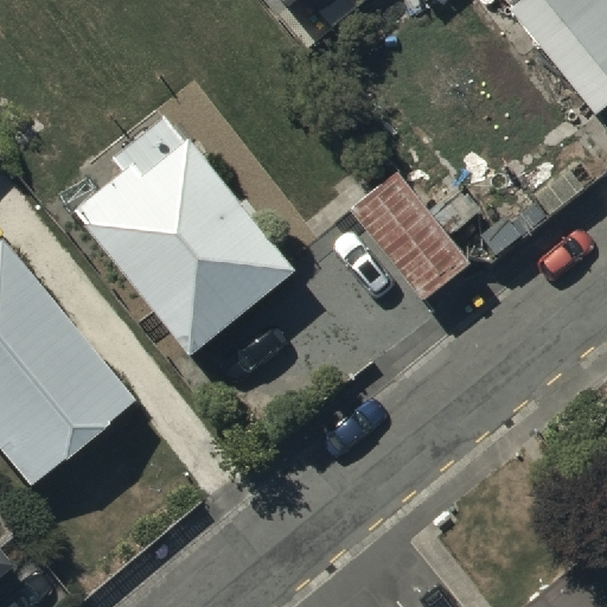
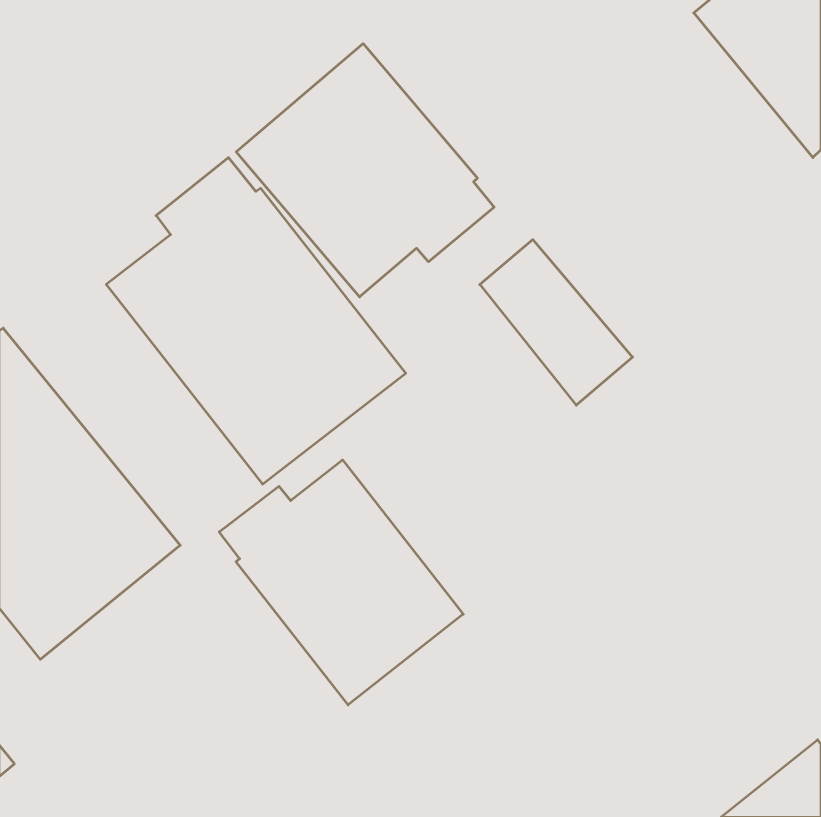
building: none -> [236,44,494,297]
building: none -> [219,460,463,705]

